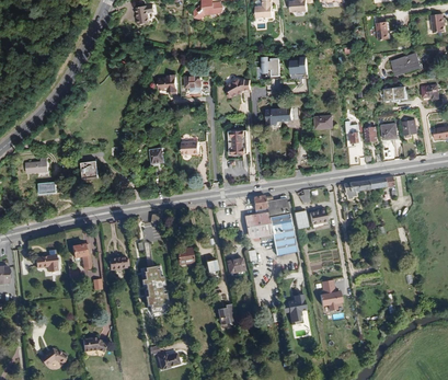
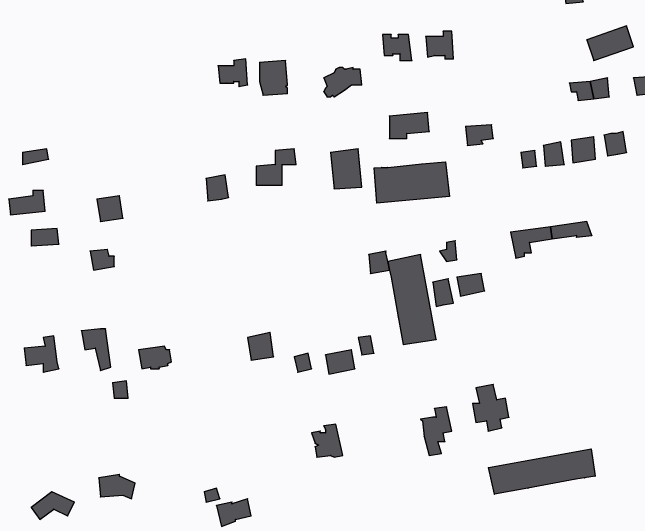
building: none -> [374,162,449,203]
building: [245,211,273,239] -> none
building: [143,265,169,313] -> none
building: none -> [488,449,595,494]

